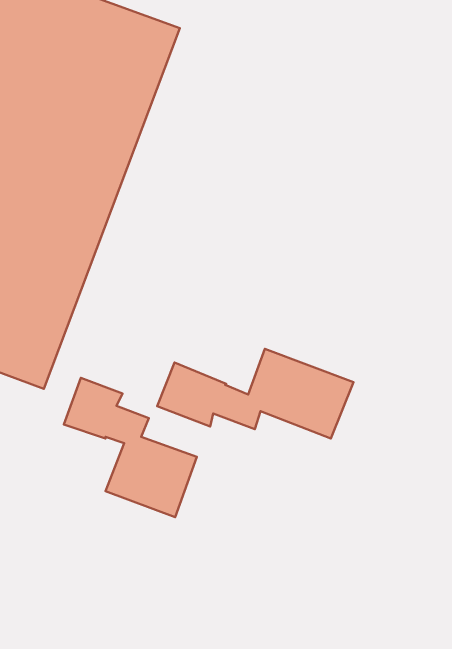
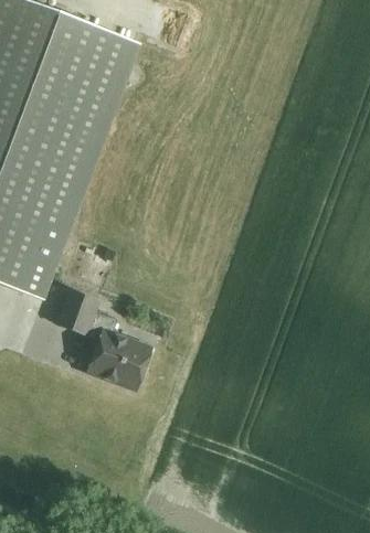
building: [157,349,354,439] -> none

